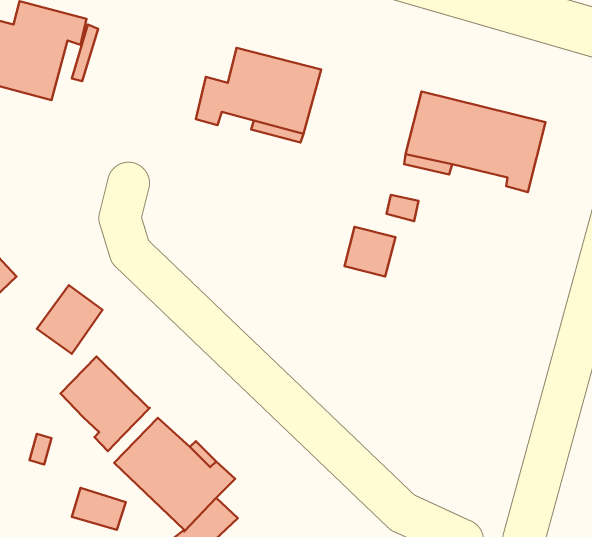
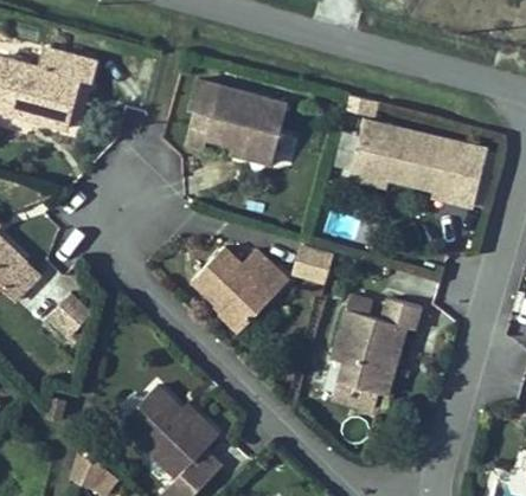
building: none -> [186,249,283,334]
building: none -> [334,297,423,391]
building: [60,357,150,451] -> none

